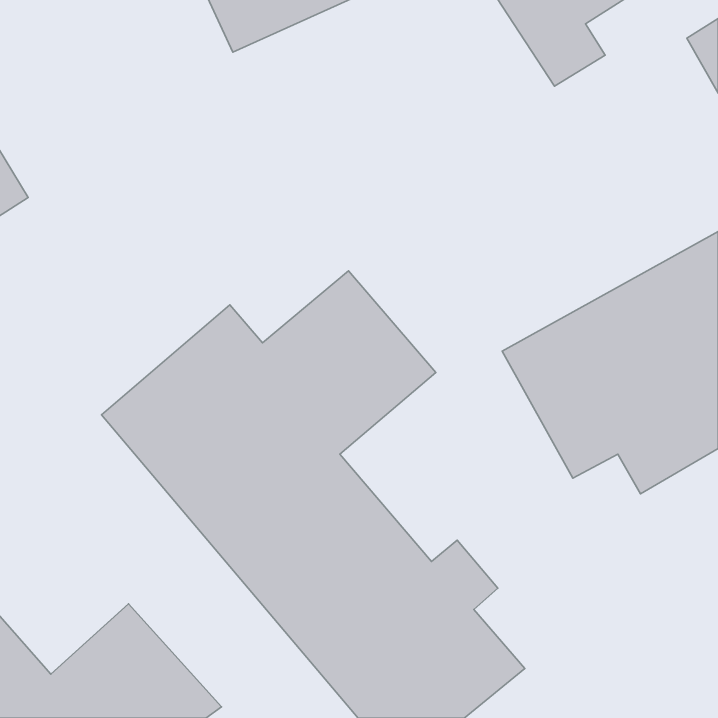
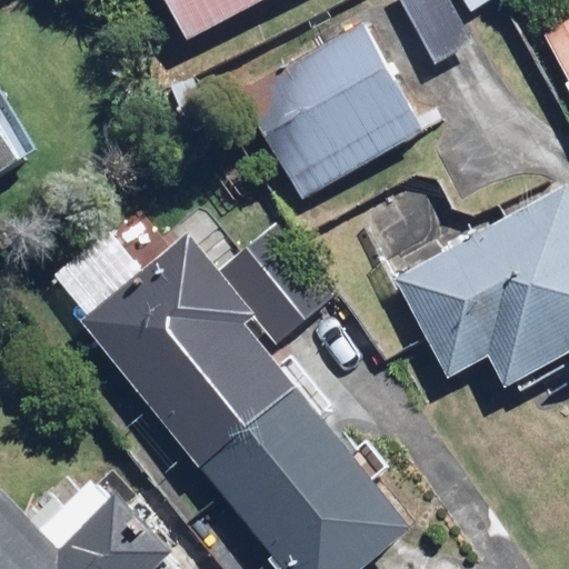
building: none -> [236,19,427,200]

